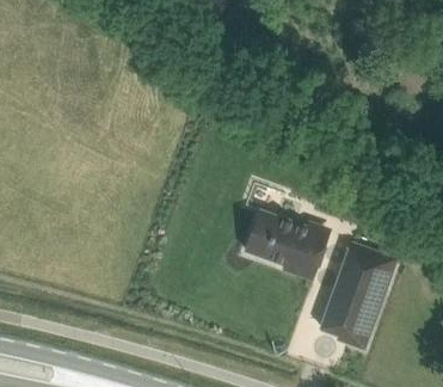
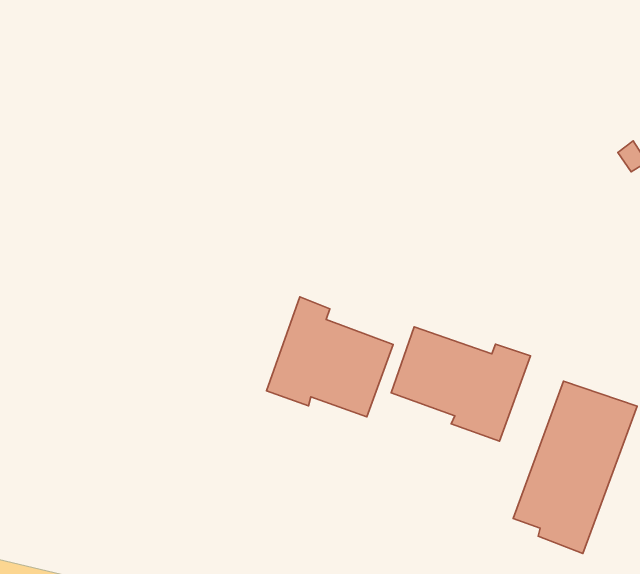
building: none -> [266,297,393,417]

